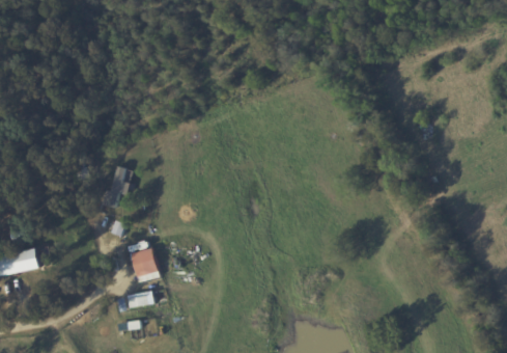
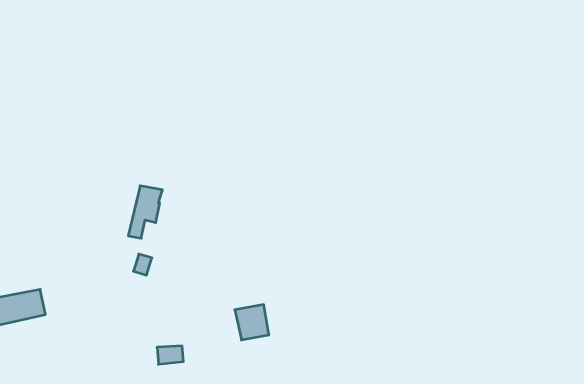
building: [130,249,157,277] -> [235,305,269,340]

